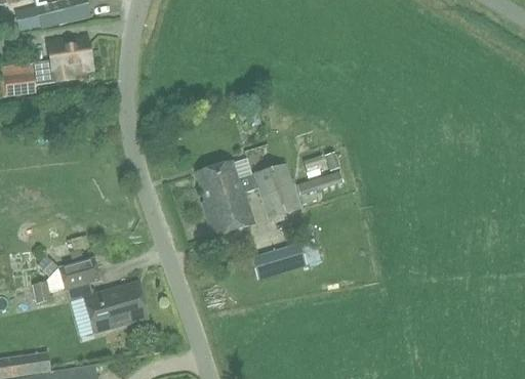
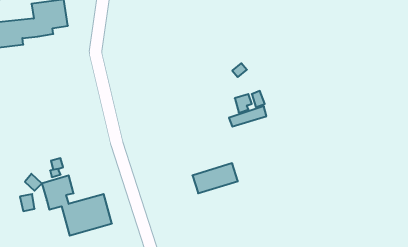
building: [196,161,299,237] -> none

